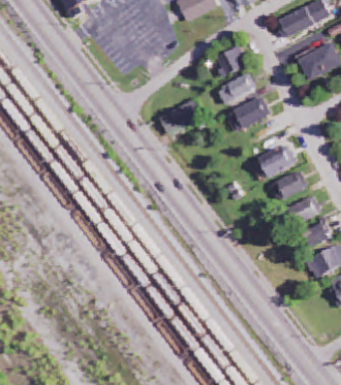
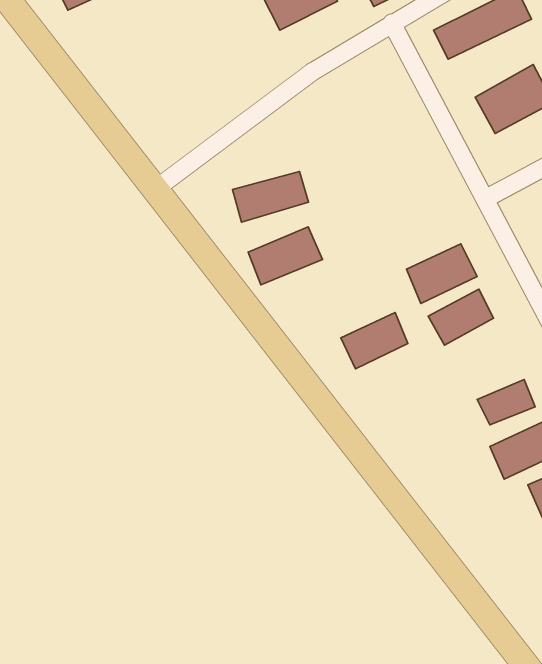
building: [216,45,249,75] -> none
building: [218,72,258,104] -> none
building: [230,97,273,130] -> [248,227,323,285]
building: [284,194,322,226] -> [341,313,408,369]

